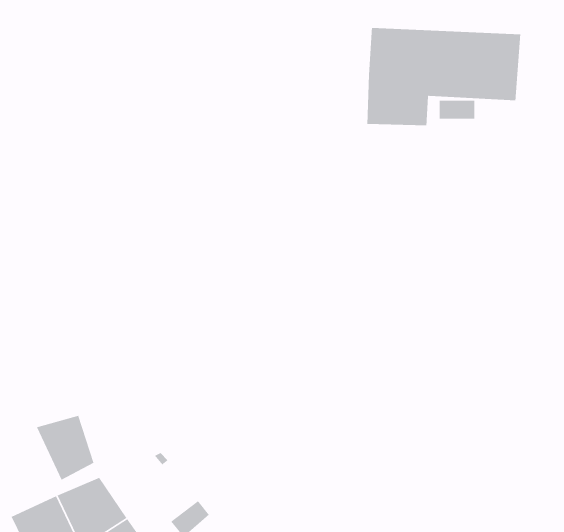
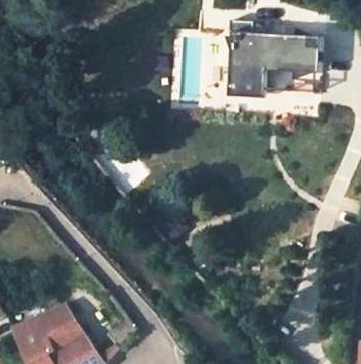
building: [36,415,95,481] -> none

